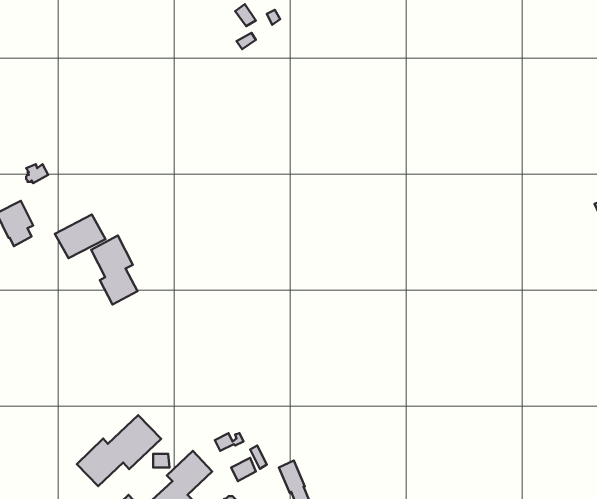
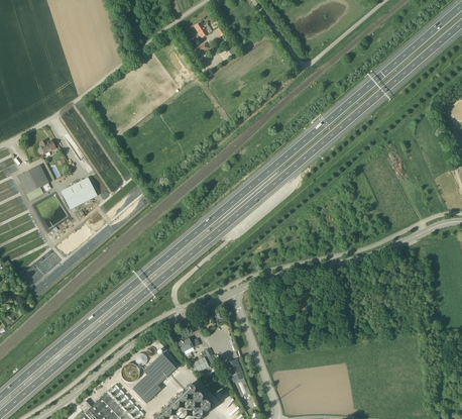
building: [91,236,137,304] -> none
building: [77,415,161,486] -> none

